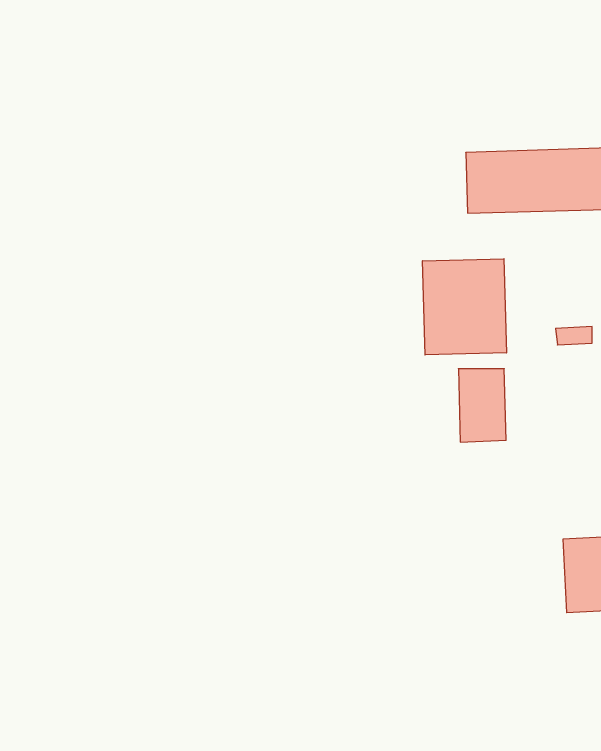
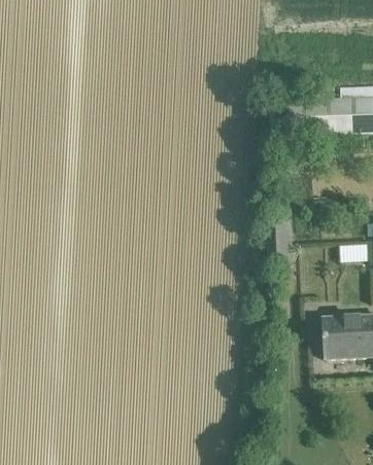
building: [423,259,506,355] -> none

